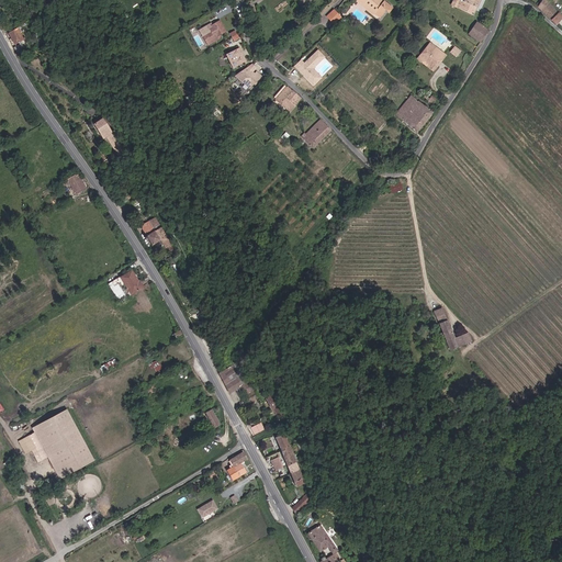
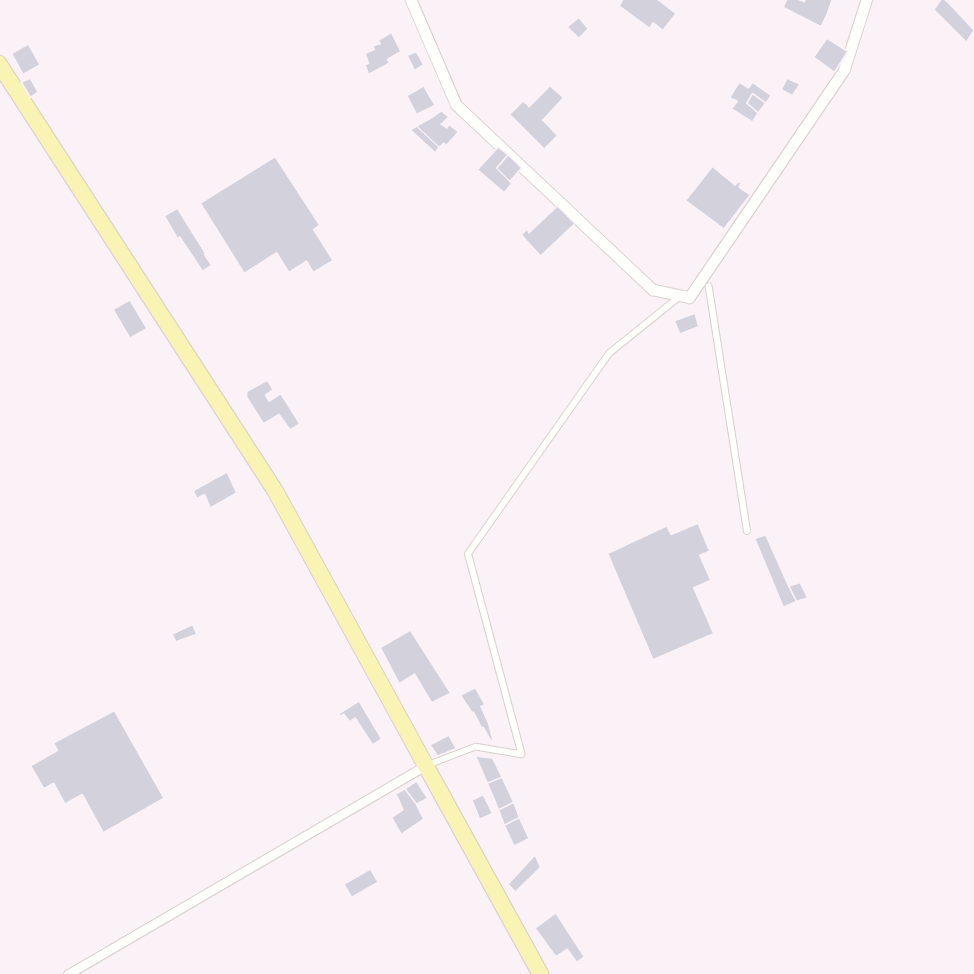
building: none -> [200,156,333,274]
building: none -> [607,523,714,660]

